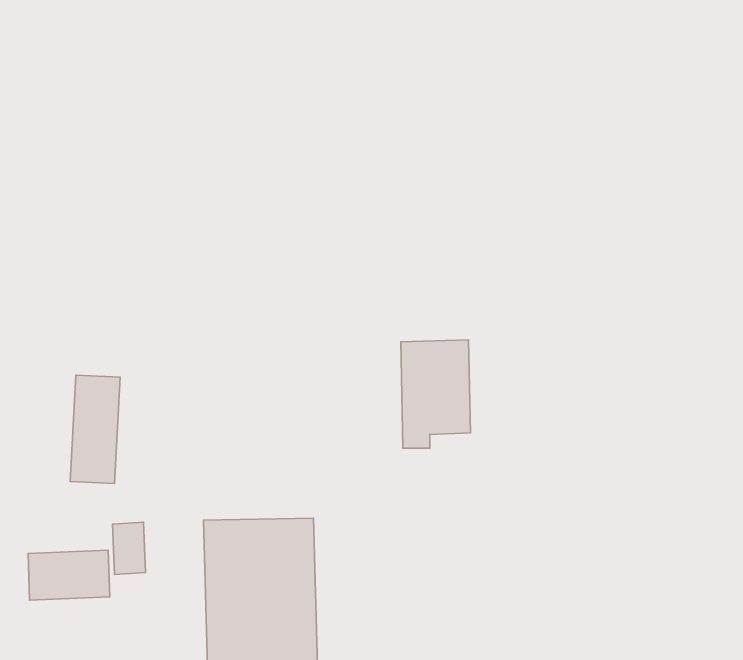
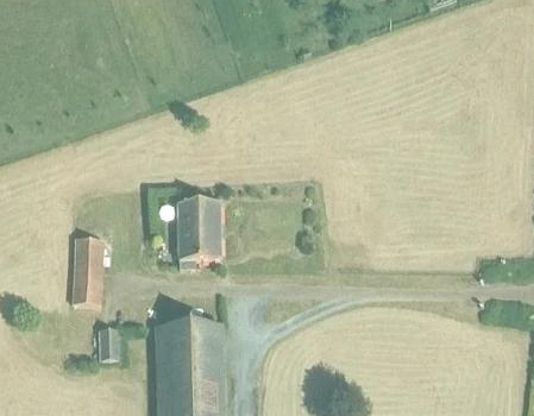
building: [401,340,470,448] -> [177,201,220,267]
building: [28,550,110,600] -> none

